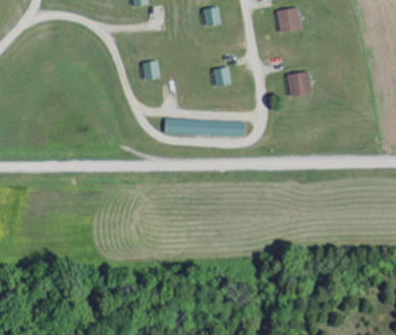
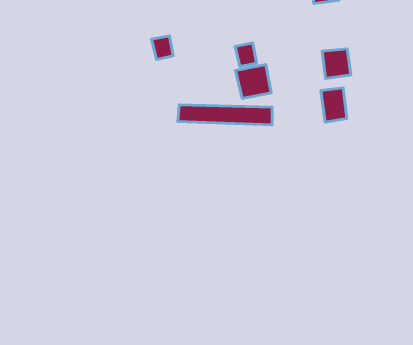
building: none -> [235,65,271,98]
building: none -> [321,88,347,122]

